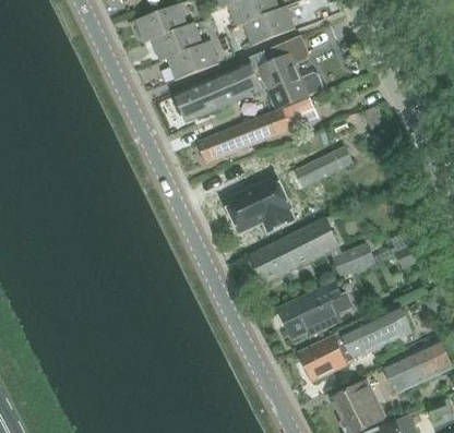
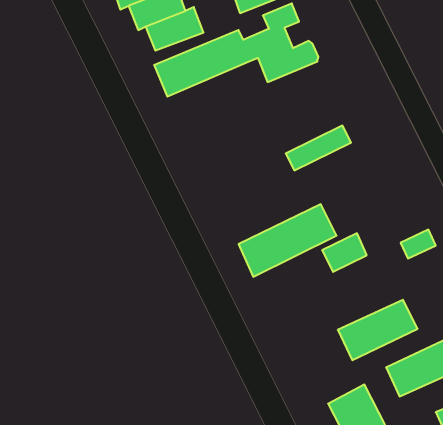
building: [198,109,289,163] -> none
building: [225,177,294,232] -> none
building: [278,281,353,336] -> none
building: [299,336,347,381] -> none

